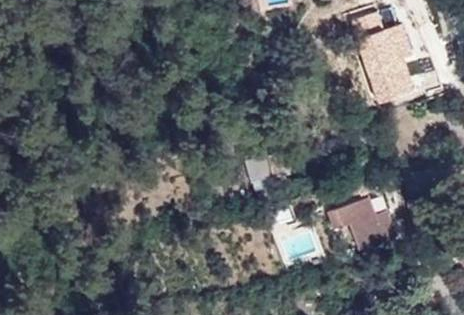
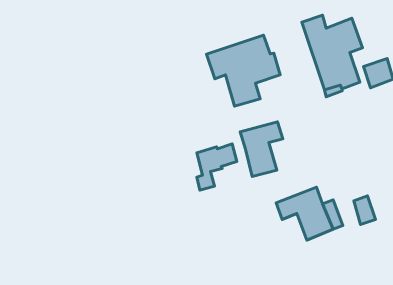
building: none -> [207,35,280,106]
building: none -> [240,122,283,177]

